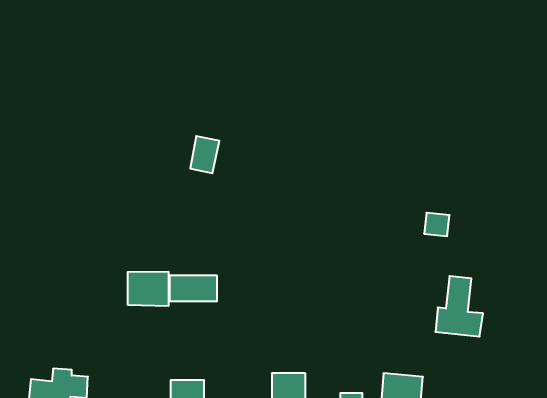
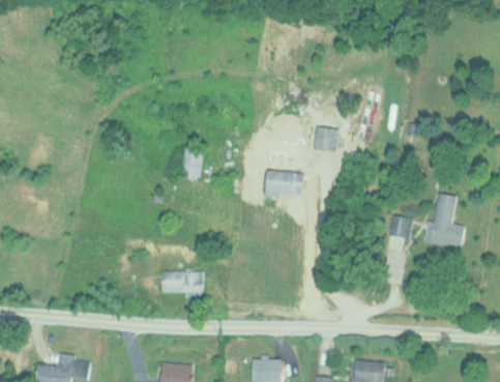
building: none -> [314,125,337,151]
building: none -> [264,169,302,196]
building: [128,272,168,306] -> none
building: [435,276,483,337] -> [423,193,466,246]

